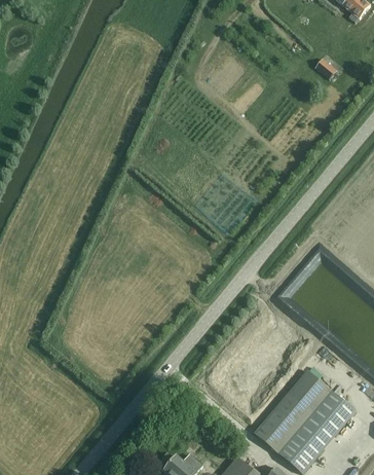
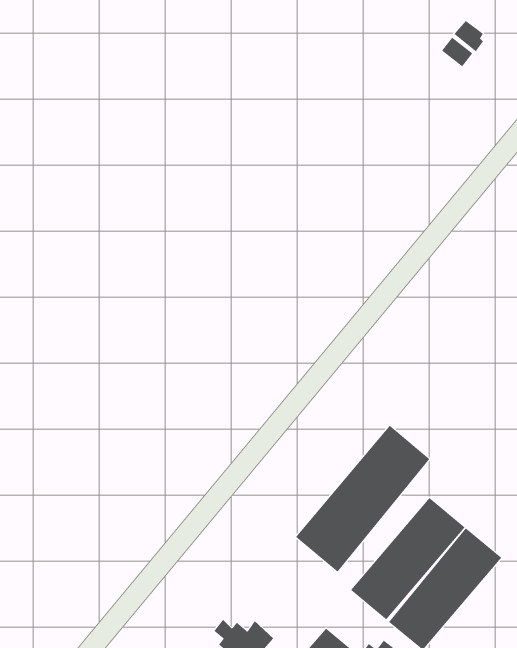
building: none -> [295,425,430,573]

